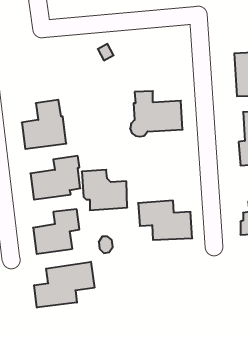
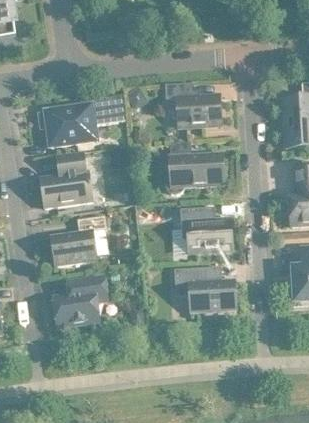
building: none -> [164,82,220,127]
building: none -> [37,94,125,146]
building: [82,170,127,210] -> [179,206,231,252]
building: [34,262,94,308] -> none

